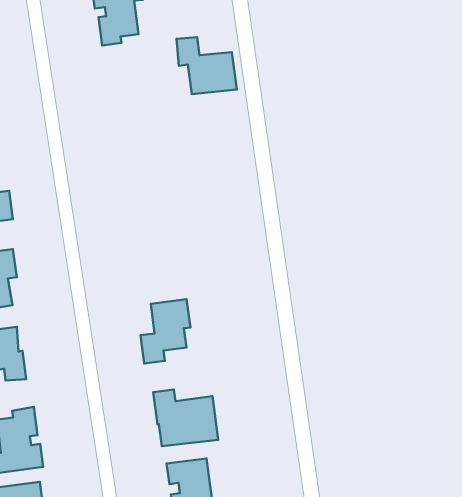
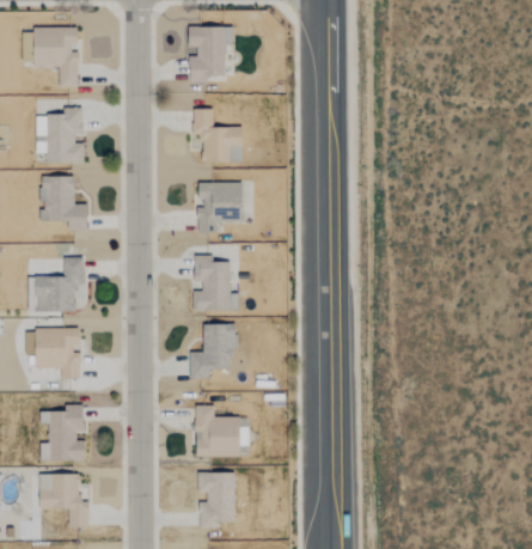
building: [177,37,237,94] -> [192,108,243,161]
building: none -> [197,182,243,233]
building: none -> [194,255,238,310]

